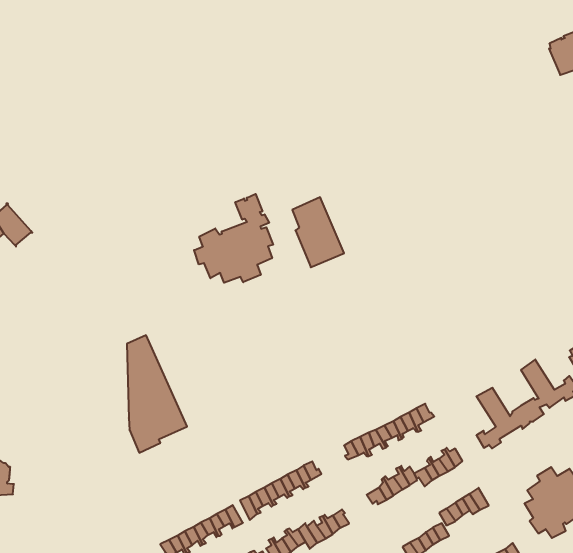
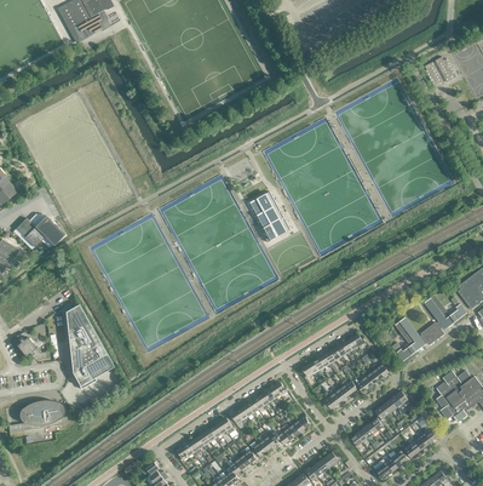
building: [194,194,273,283] -> none
building: [127,335,187,453] -> [64,304,113,389]

